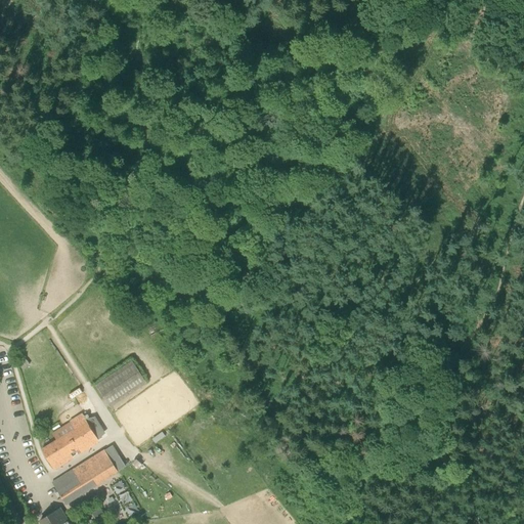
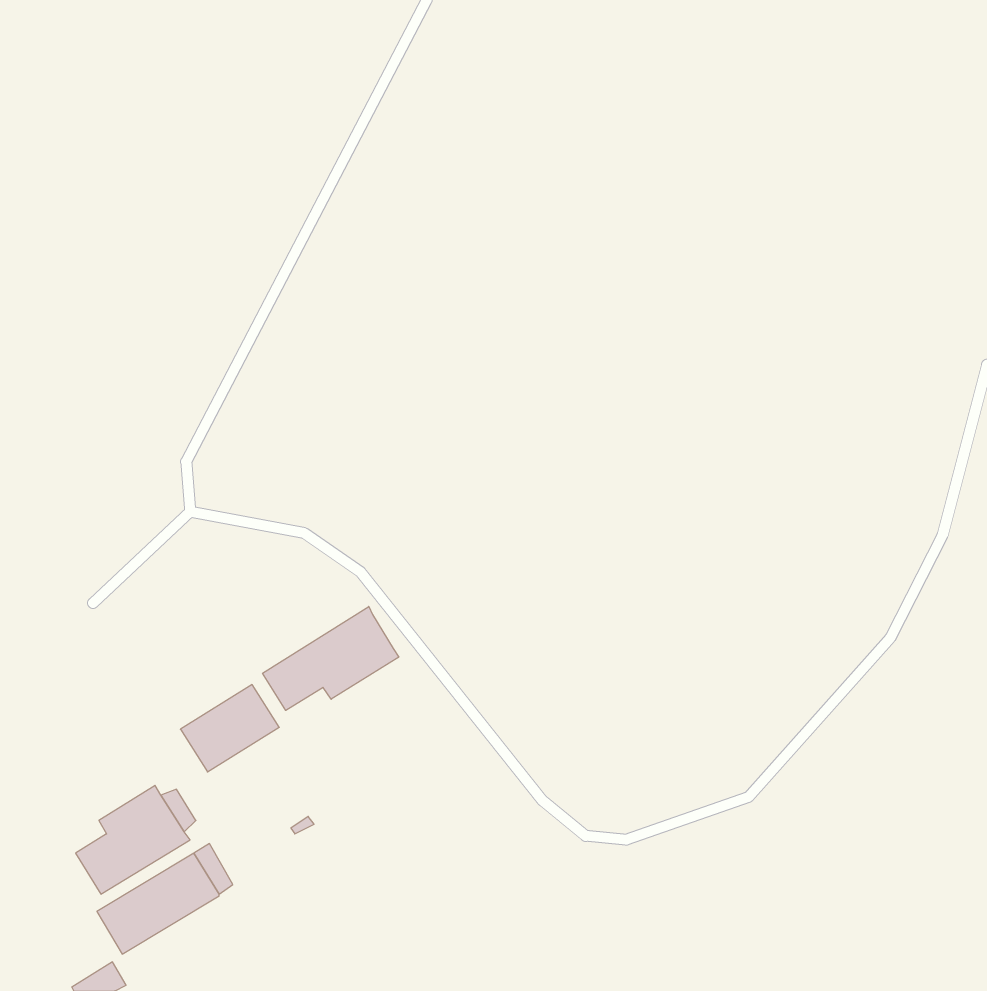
building: none -> [263,606,399,710]

